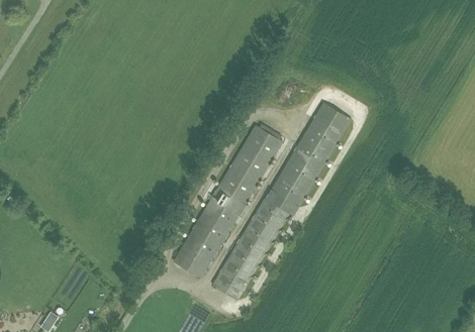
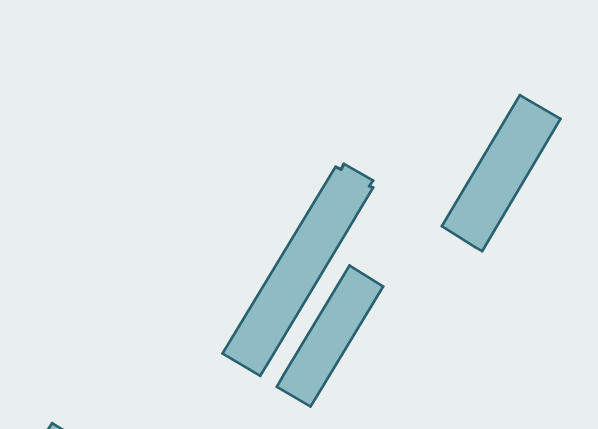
building: [265,103,351,216] -> [442,95,560,251]

